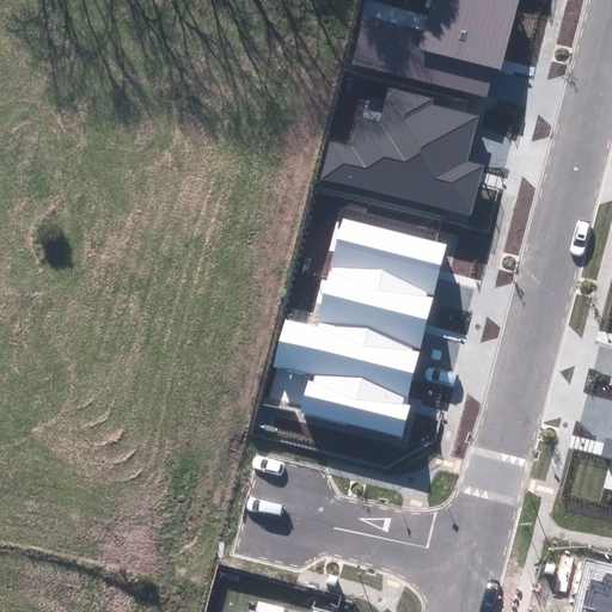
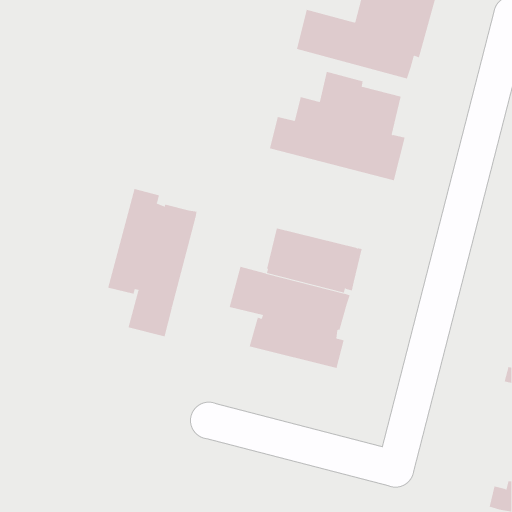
building: [329,218,445,295] -> none
building: none -> [107,188,197,337]

